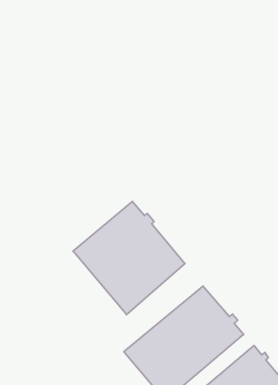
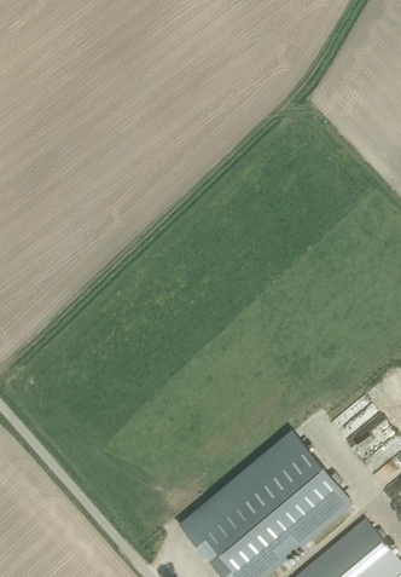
building: [73,201,185,315] -> none

